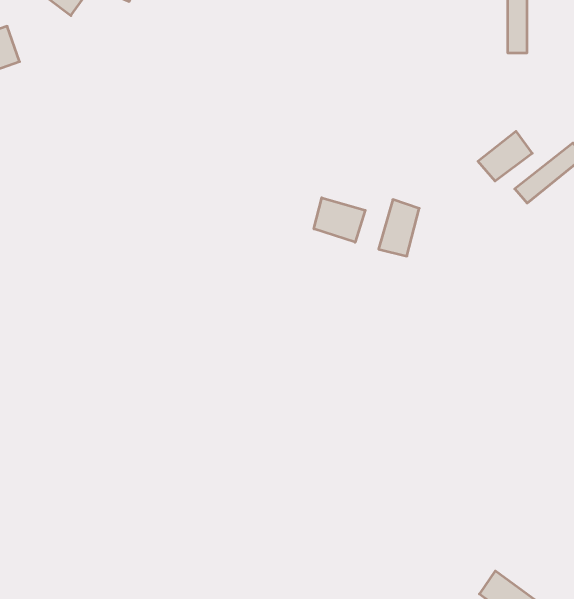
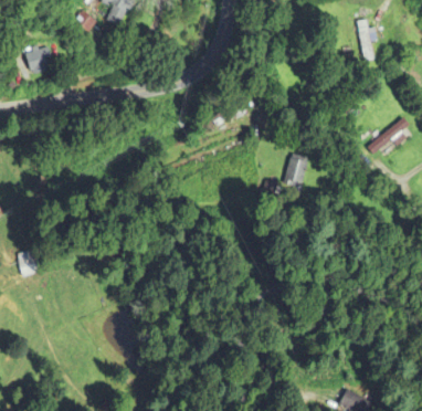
building: [478,131,532,181] -> none
building: [314,198,365,242] -> none

